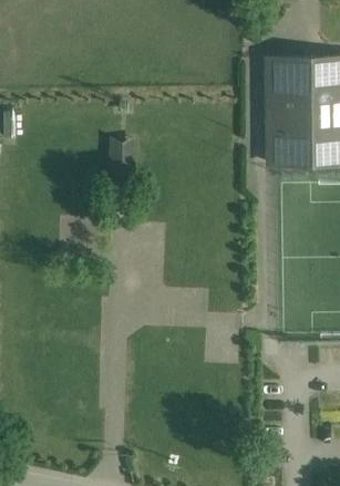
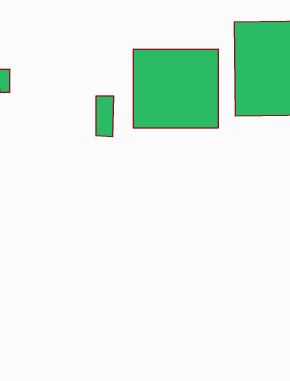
building: none -> [133,49,218,128]

